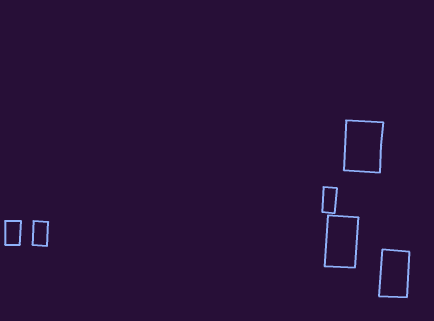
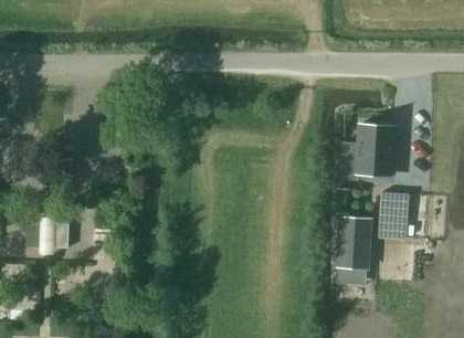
building: [379,250,409,297] -> [378,192,408,239]

